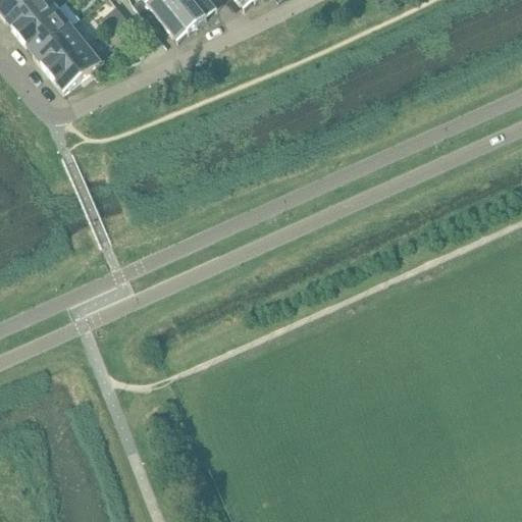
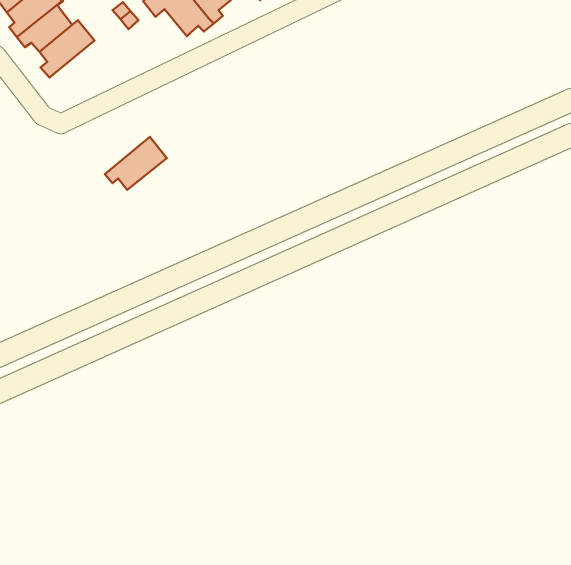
building: [45,37,101,85] -> [105,137,167,190]

